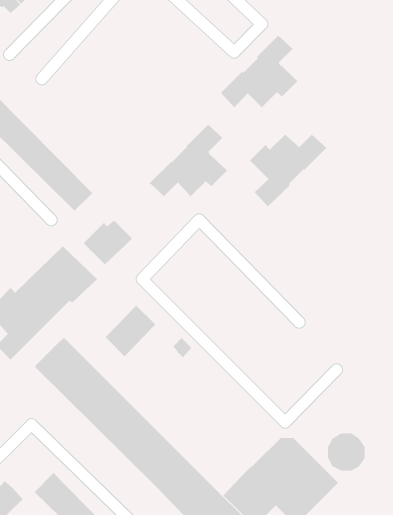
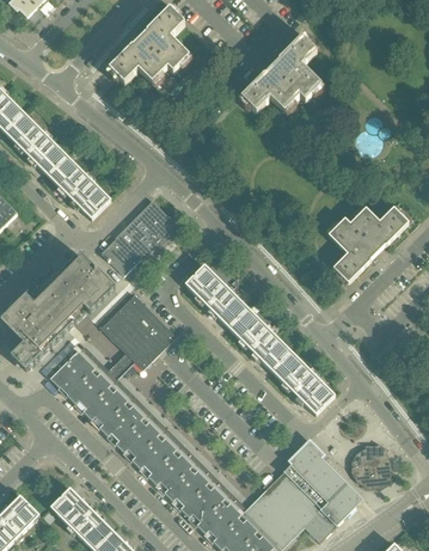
building: [149,124,228,197] -> [108,8,189,84]
building: [249,134,327,207] -> [327,207,407,282]
building: none -> [131,207,171,246]
building: none -> [184,264,333,414]
building: none -> [100,294,154,348]

